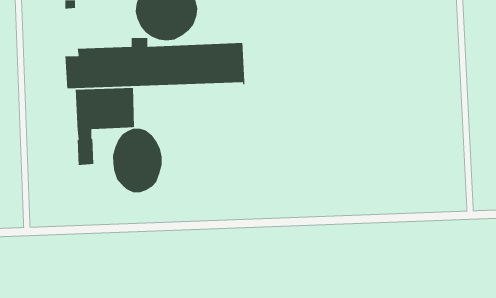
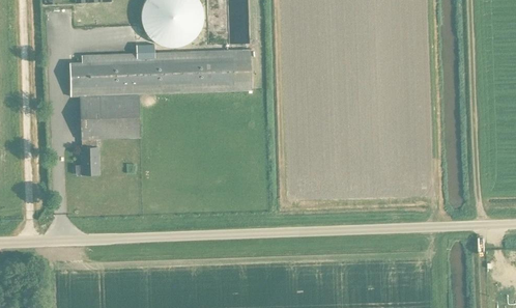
building: [112,128,163,193] -> none

